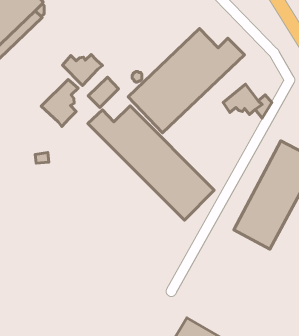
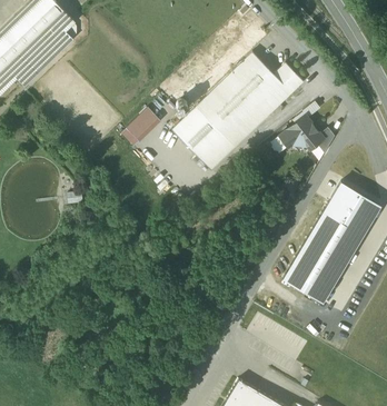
building: [62,55,102,85] -> none
building: [41,80,78,127] -> none
building: [88,106,214,220] -> none

